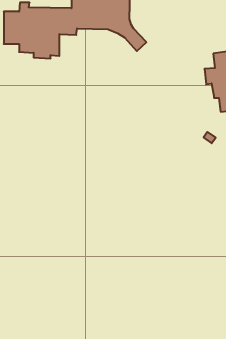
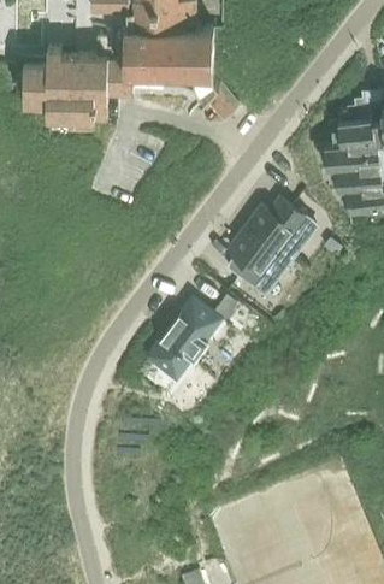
building: none -> [226,197,314,294]
building: none -> [148,294,235,378]

